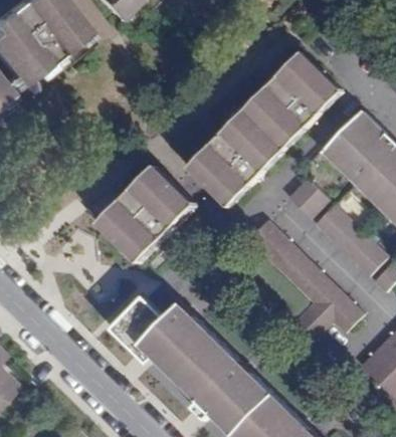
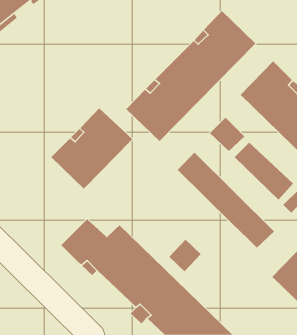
building: [292,303,332,343] -> [168,239,202,272]

